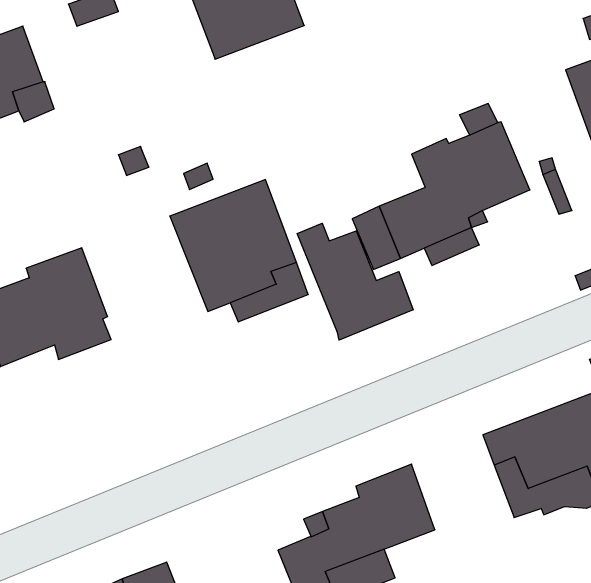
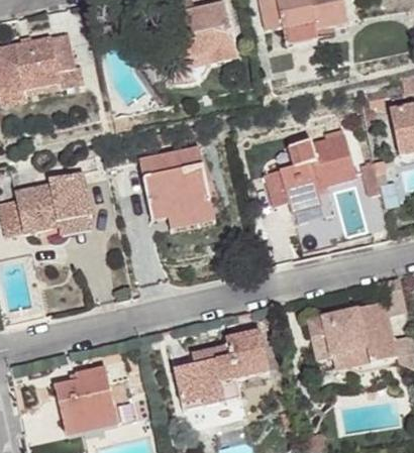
building: [297,223,413,340] -> none

